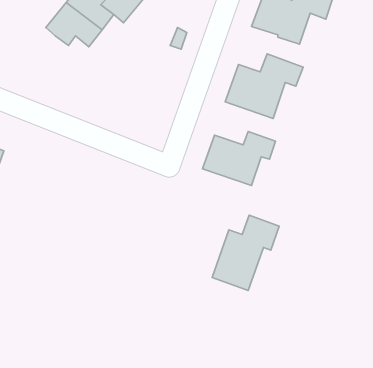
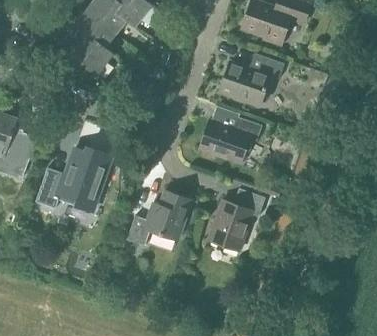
building: none -> [66,37,114,75]
building: none -> [36,146,110,210]
building: none -> [128,191,191,246]

